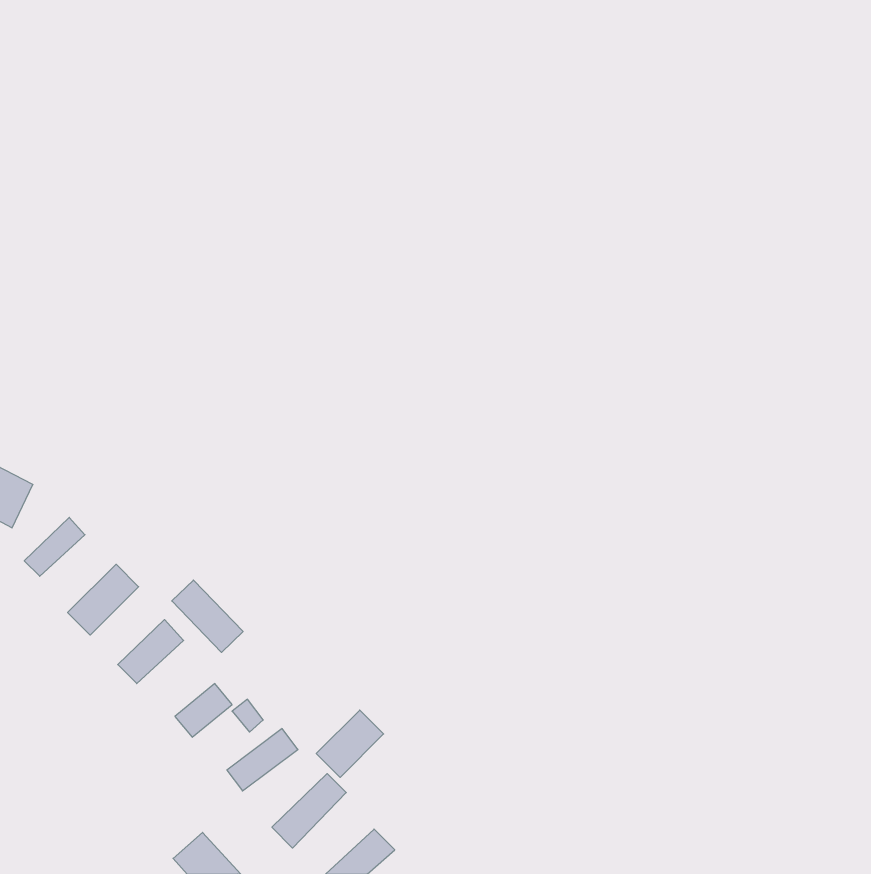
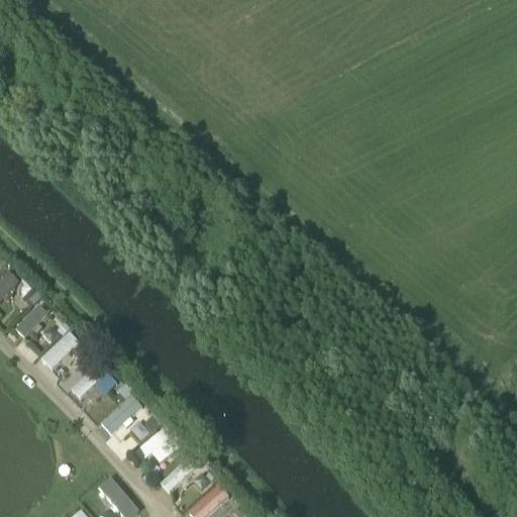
building: [172,580,243,652] -> none
building: [316,710,384,777] -> none

